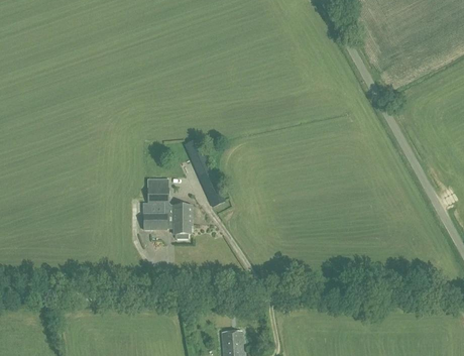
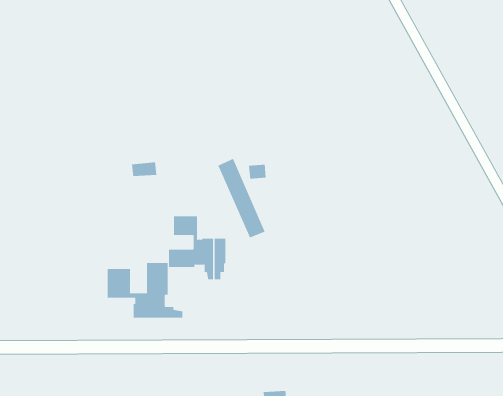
building: none -> [107,262,183,318]

